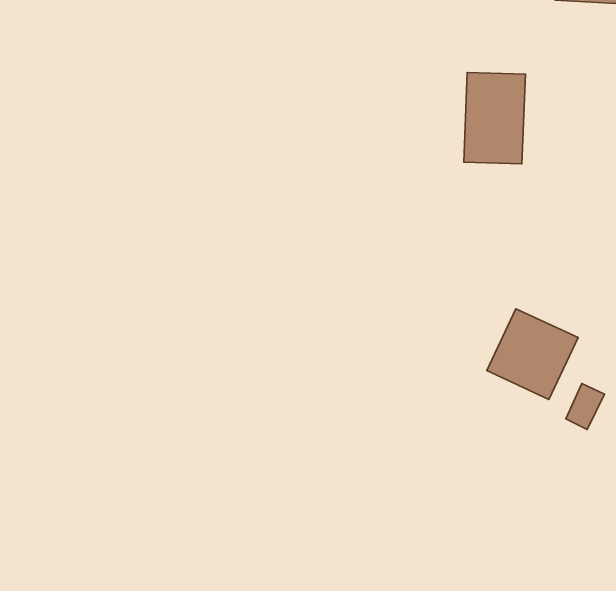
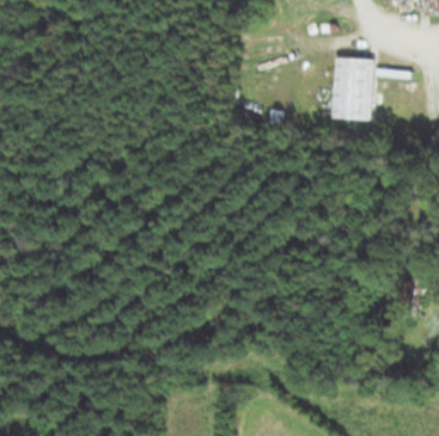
building: [487,309,578,399] -> none

